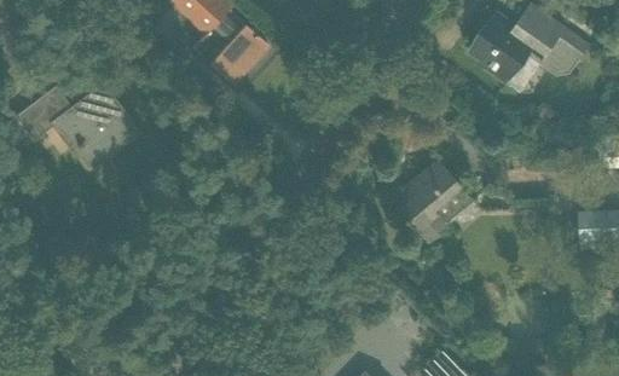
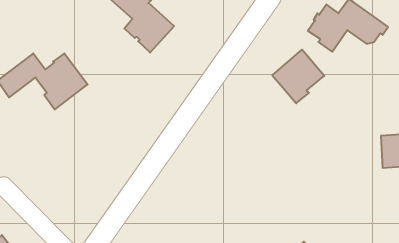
building: [393,162,472,243] -> [272,50,324,103]

